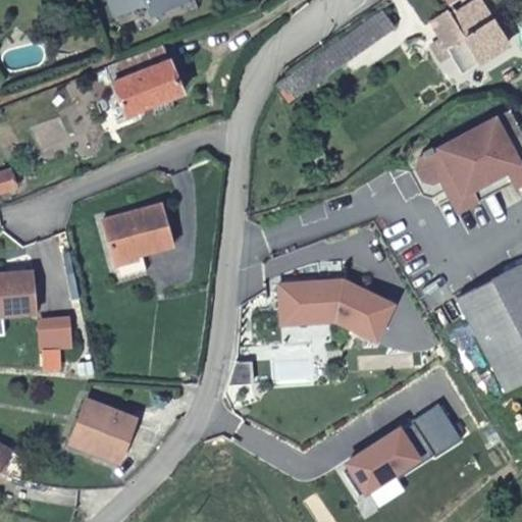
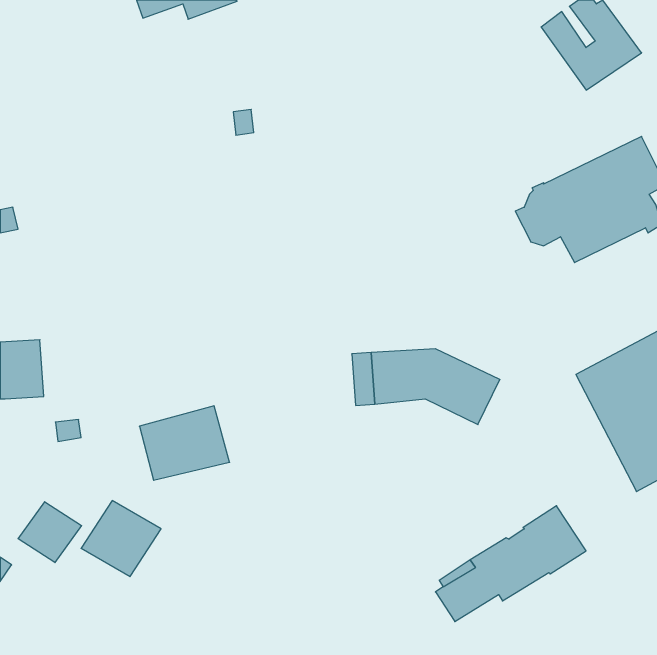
building: [275,10,395,103] -> none
building: [101,50,172,114] -> none
building: [100,202,171,261] -> [139,406,230,480]
building: none -> [18,502,82,563]

